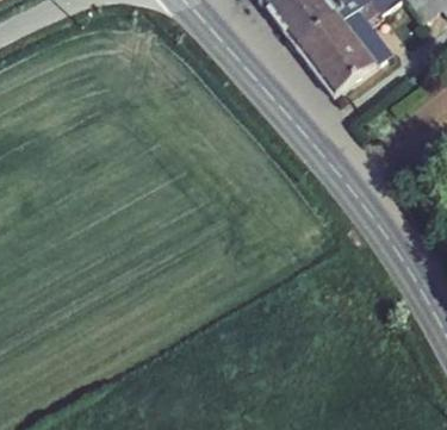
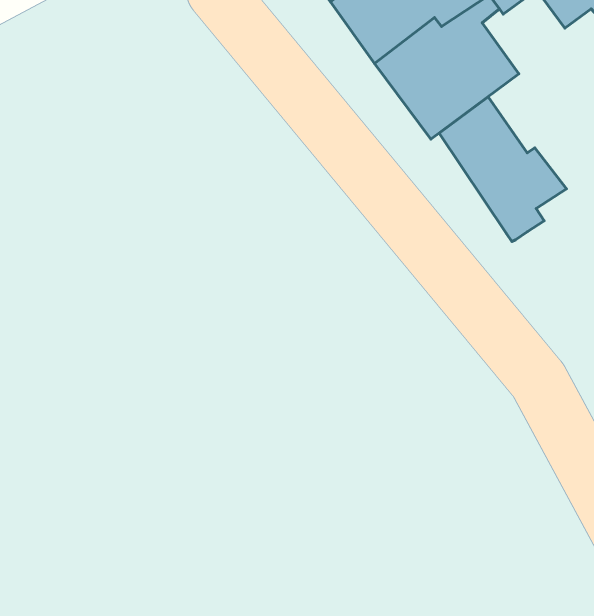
building: none -> [439,97,567,242]

